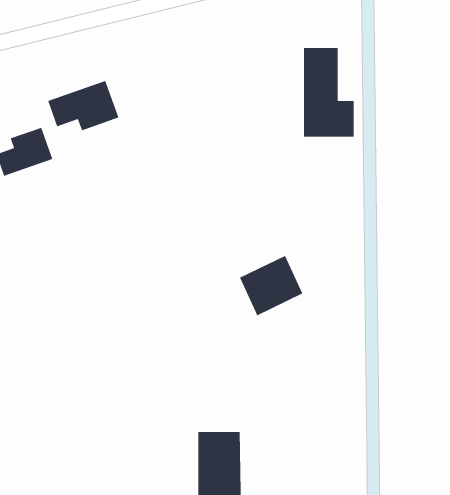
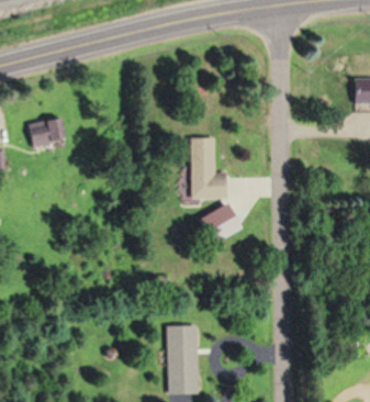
building: [303,48,355,137] -> [190,137,225,199]
building: [48,80,119,131] -> none

